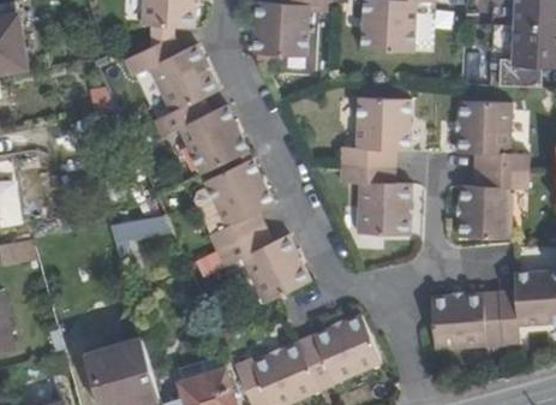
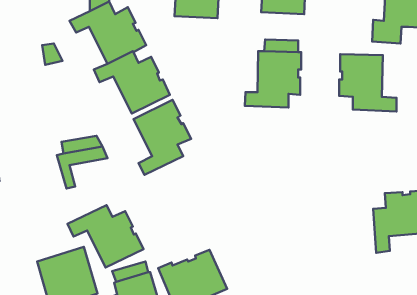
building: [340,165,411,236] -> none
building: [456,169,527,239] -> none
building: [216,227,310,304] -> [68,205,144,268]
building: [430,292,502,350] -> none
building: [297,314,381,391] -> none

